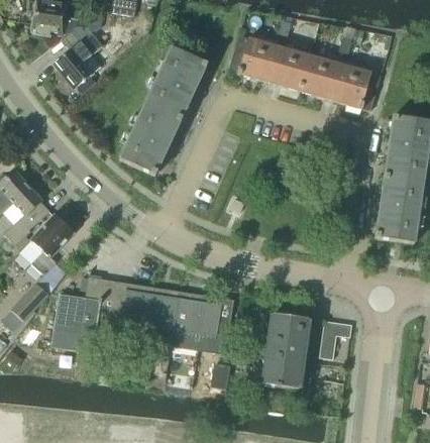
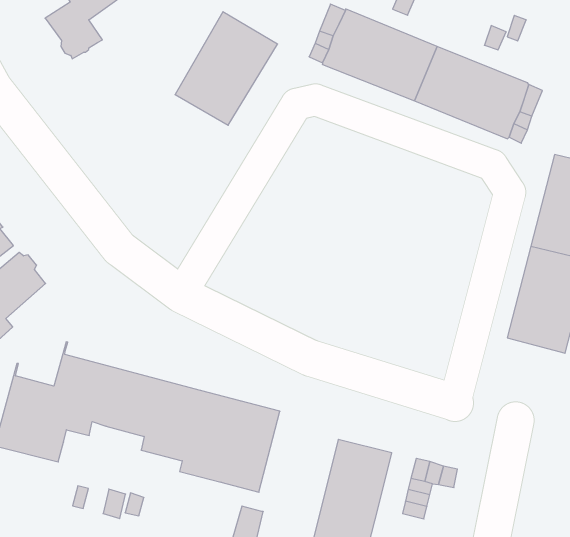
building: [119,102,181,175] -> none

